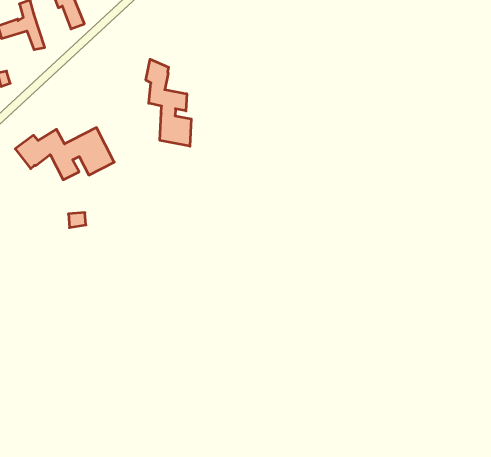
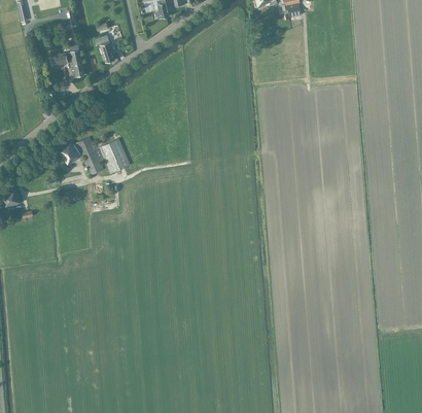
building: [146,59,191,146] -> none

